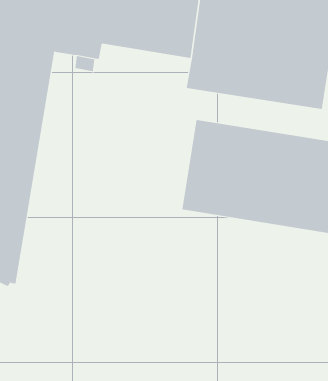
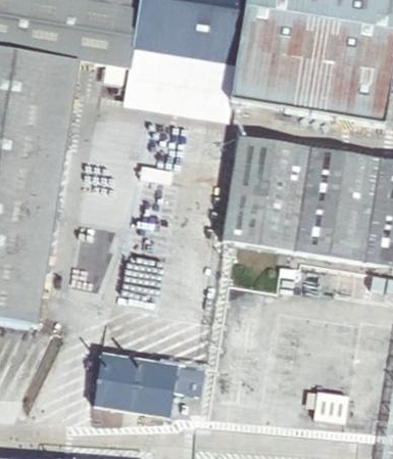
building: none -> [125,50,235,122]
building: none -> [93,354,201,416]

